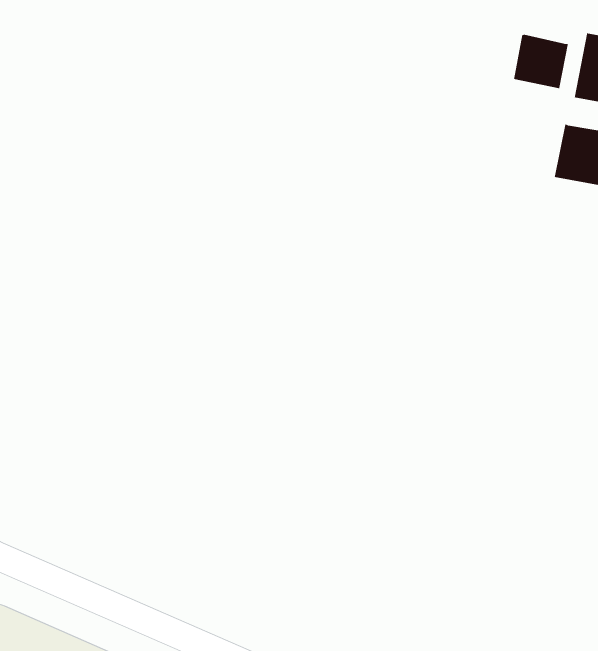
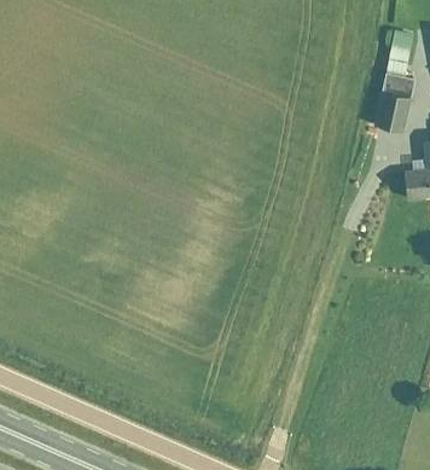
building: [513,34,569,89] -> none

